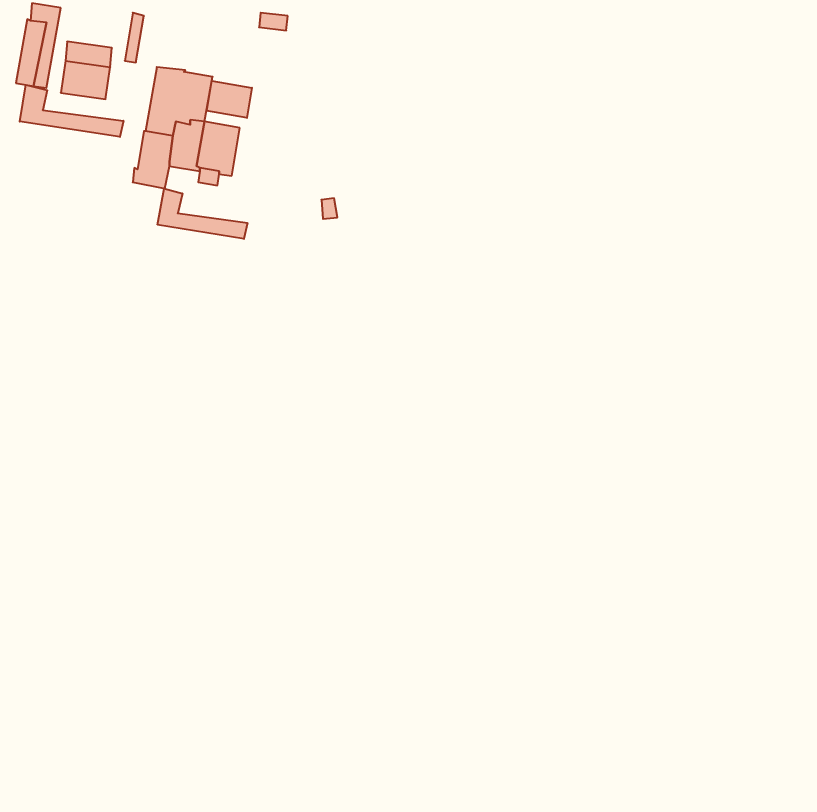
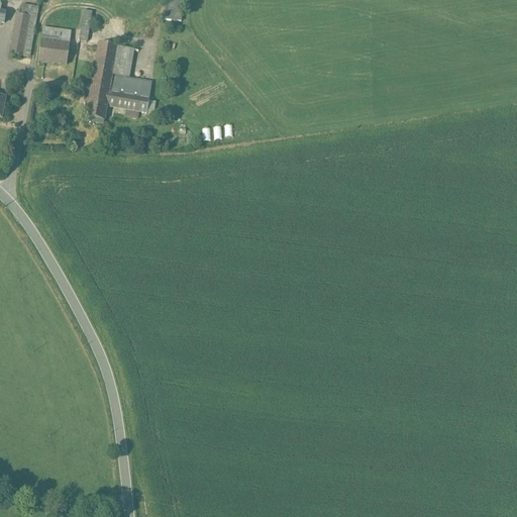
building: [207,81,252,118] -> none
building: [20,85,123,137] -> none
building: [158,188,247,239] -> none

